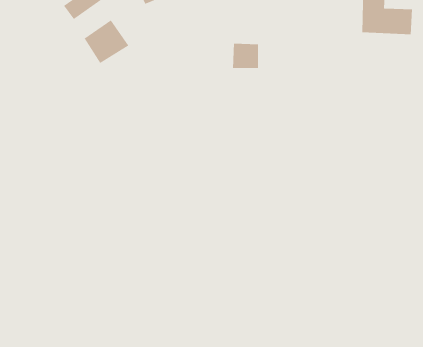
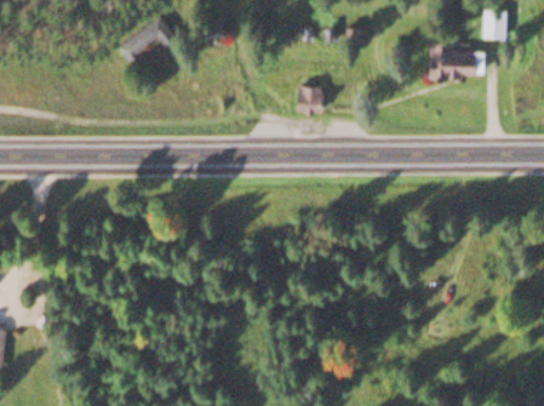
building: [84,19,129,64] -> none

